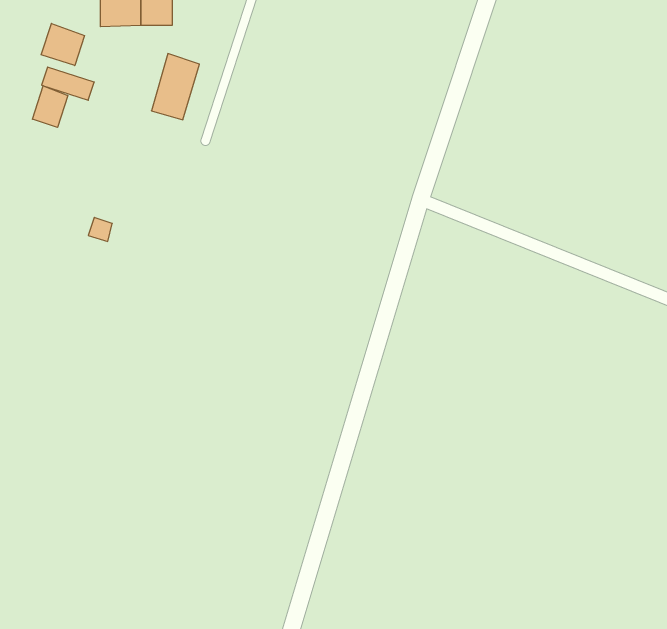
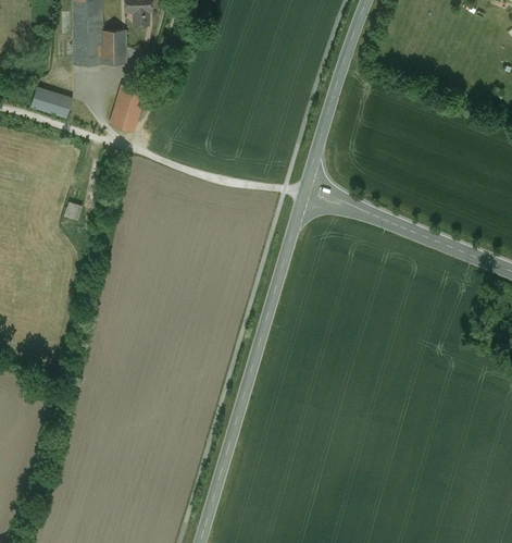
building: [41,23,84,66] -> none
building: [32,86,68,127] -> none

